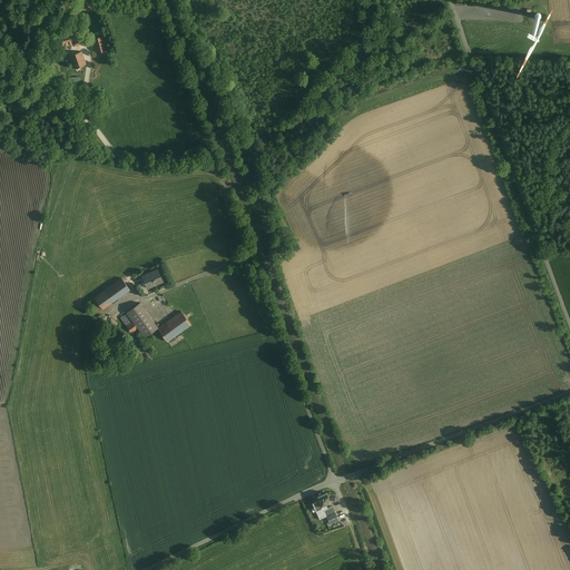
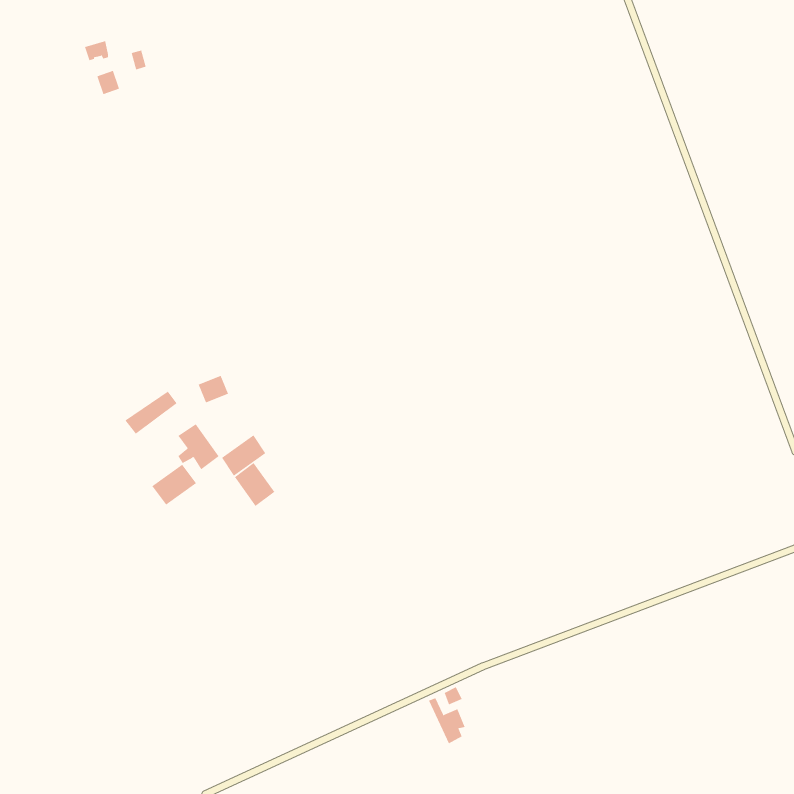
building: none -> [234,462,275,507]
building: none -> [151,464,197,505]

